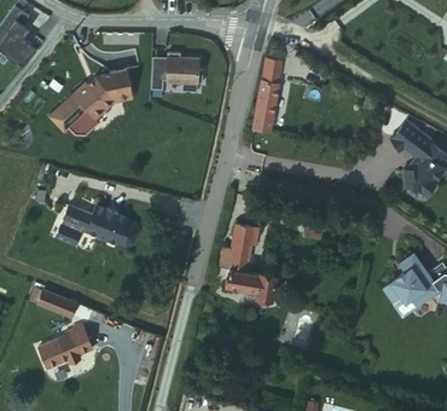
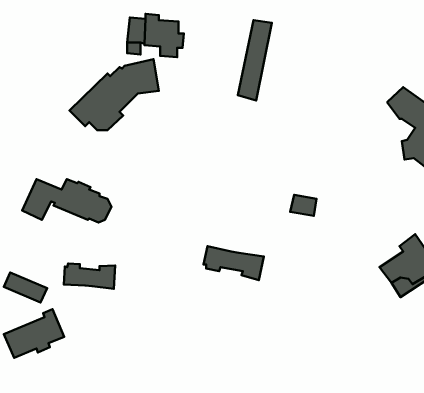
building: [47,69,129,134] -> [69,59,159,130]
building: [225,222,256,272] -> none
building: none -> [64,263,115,289]

